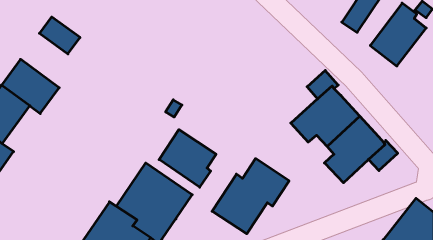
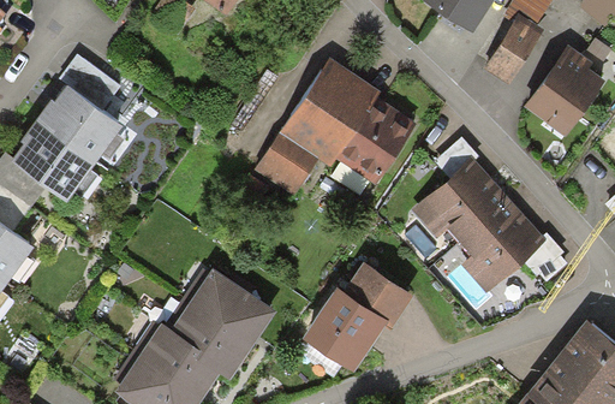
building: none -> [256,58,418,197]
building: none -> [37,87,118,162]
building: [159,130,216,187] -> none

